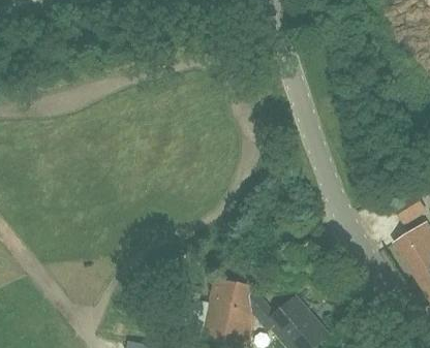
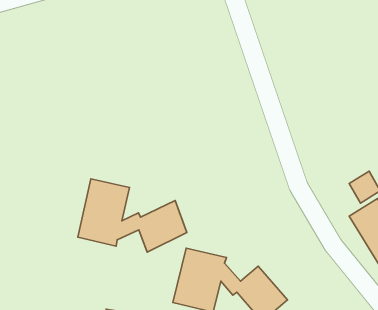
building: none -> [78,179,187,252]

